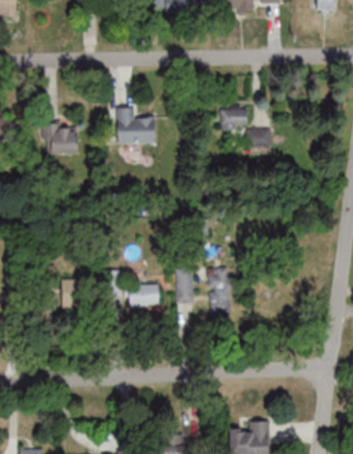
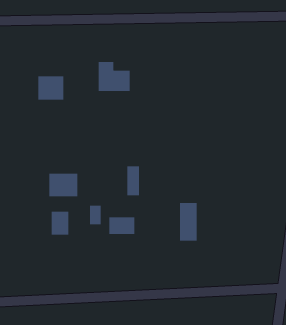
building: [221,106,271,146] -> none
building: none -> [49,173,78,197]
building: [177,269,192,304] -> [126,166,140,196]

